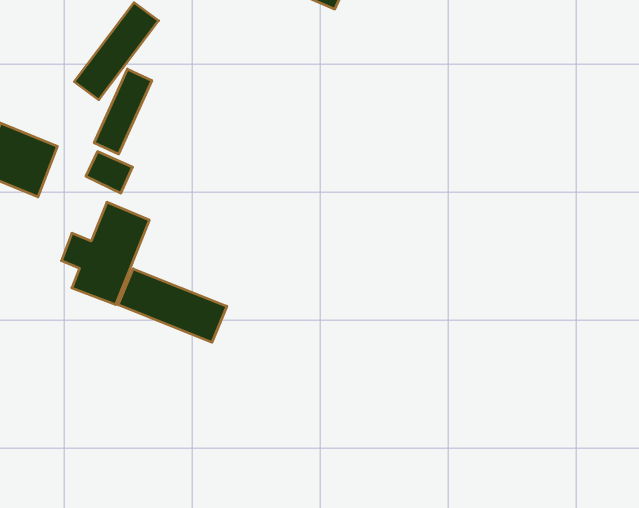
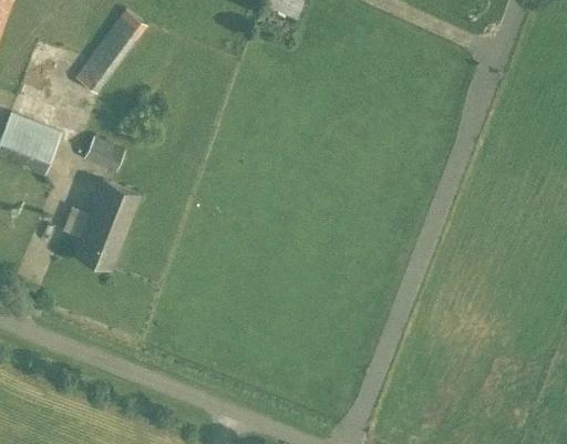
building: [94,69,152,154] -> none
building: [118,269,227,342] -> none

